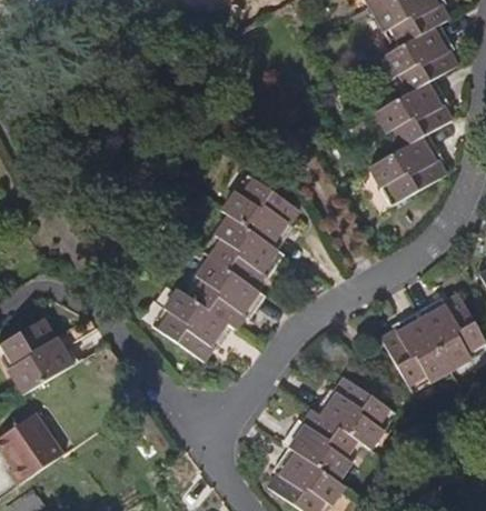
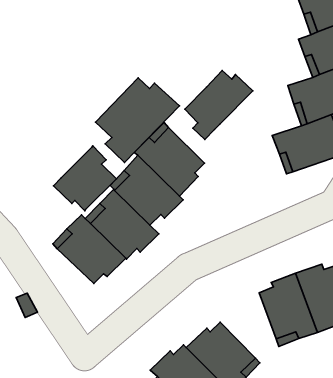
building: none -> [185,70,253,140]
building: none -> [96,78,179,163]
building: none -> [53,146,116,211]

